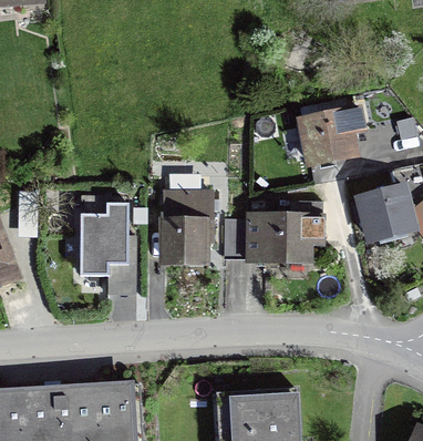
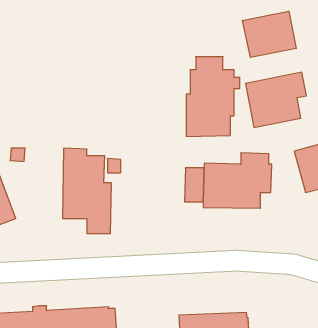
building: none -> [242,11,296,57]
building: [157,173,220,267] -> [186,57,240,136]

